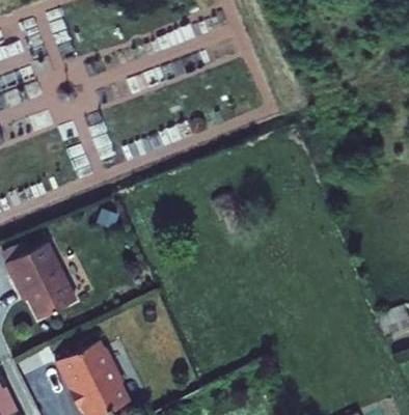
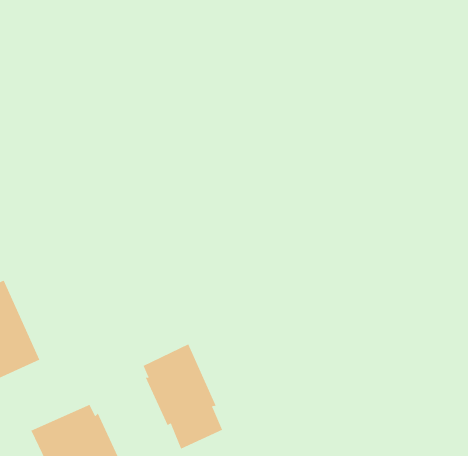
building: none -> [143,343,223,449]

